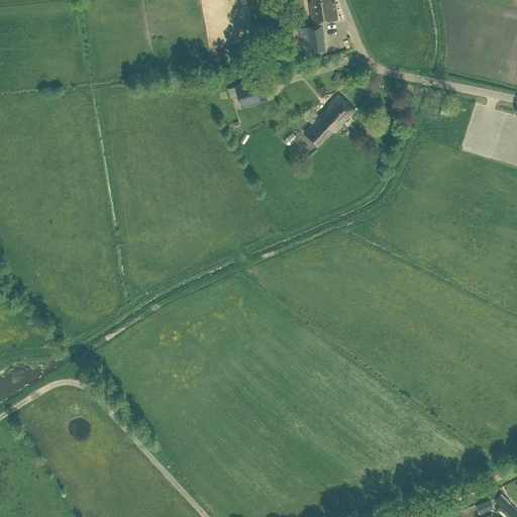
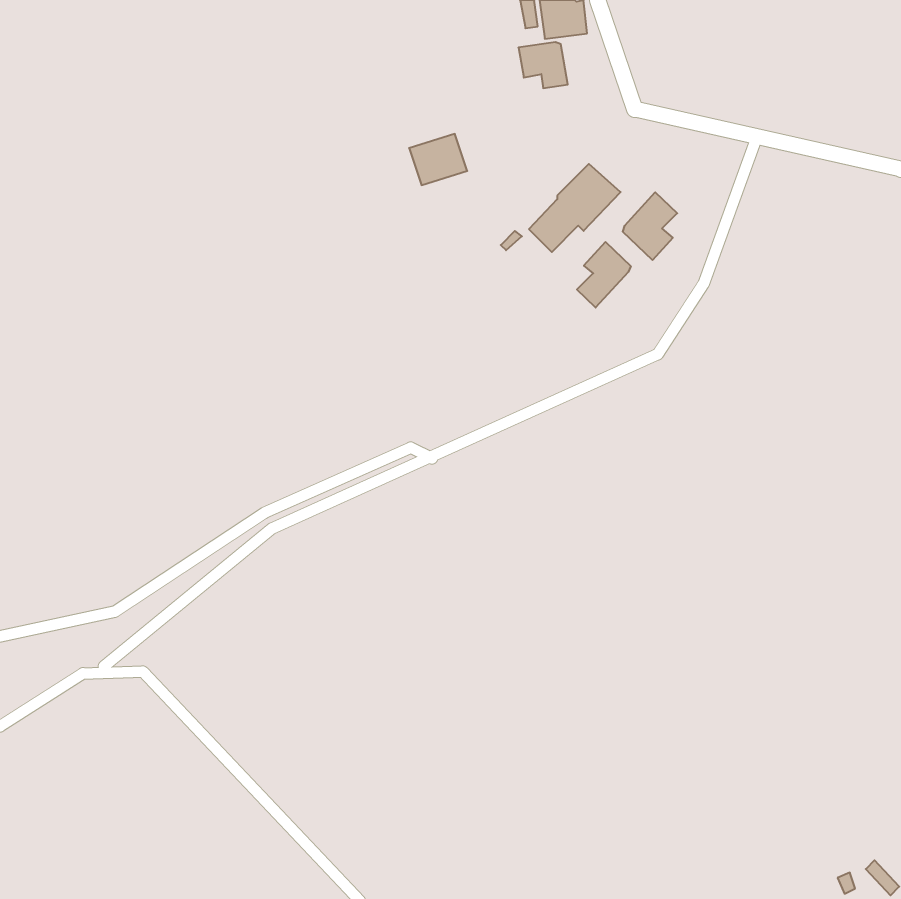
building: none -> [623,192,677,260]
building: none -> [577,242,631,308]

